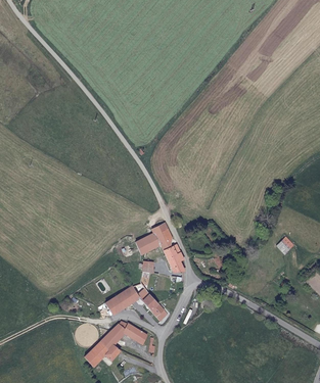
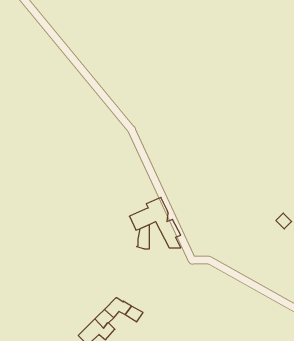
building: [105,283,169,322] -> none

